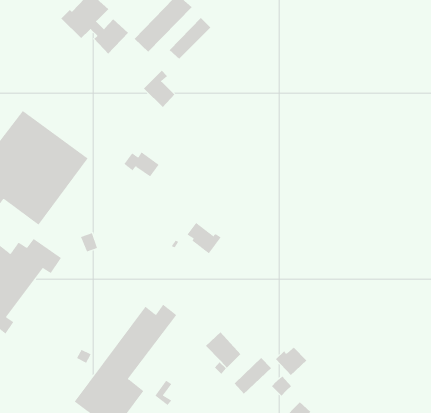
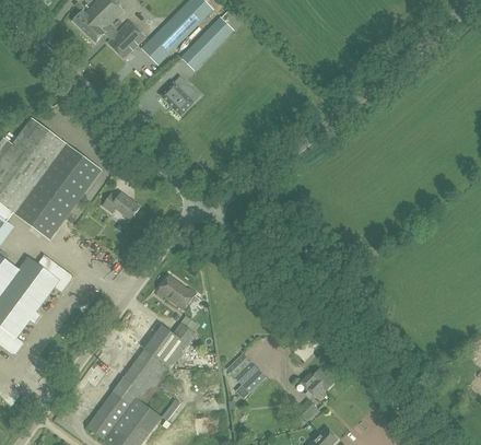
building: [124,152,160,177] -> [102,191,140,219]
building: [186,222,222,254] -> [159,276,196,309]
building: [234,357,272,395] -> none

